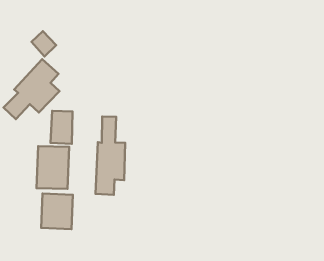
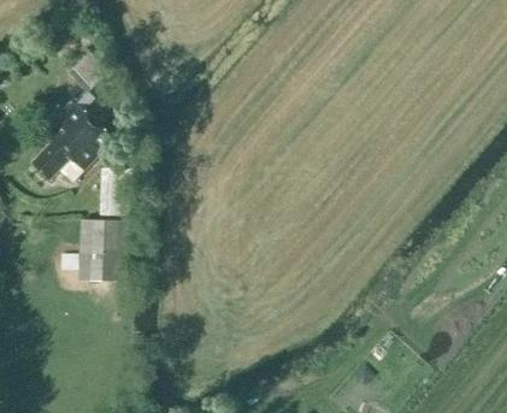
building: [96,116,125,195] -> none
building: [41,193,73,229] -> none

